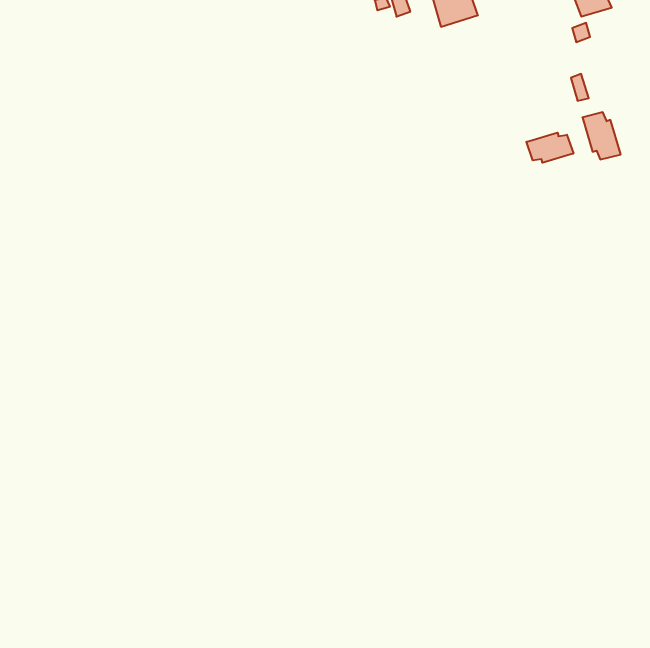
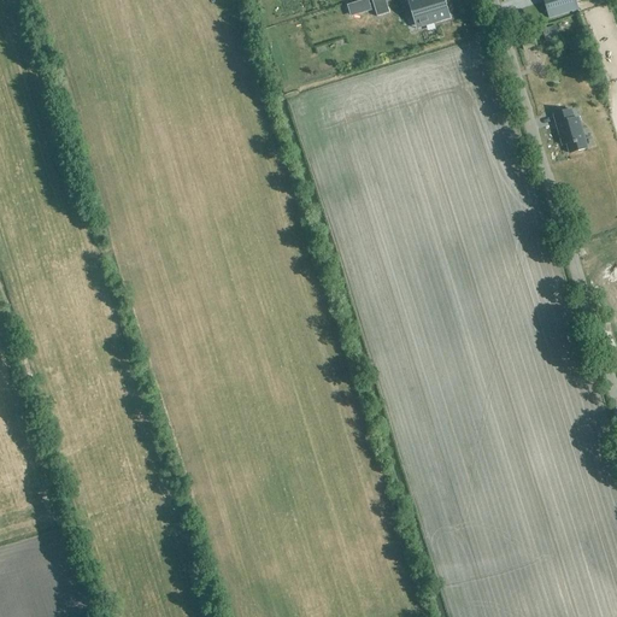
building: [526,133,573,163] -> none

